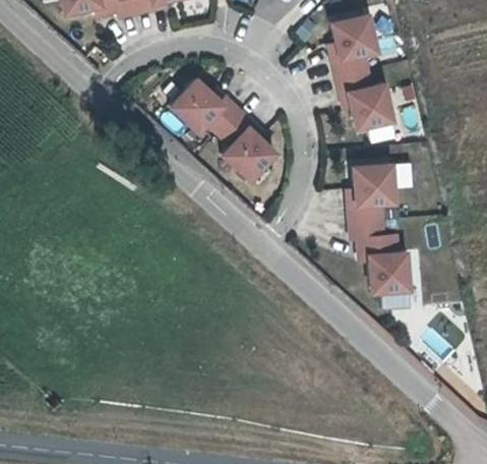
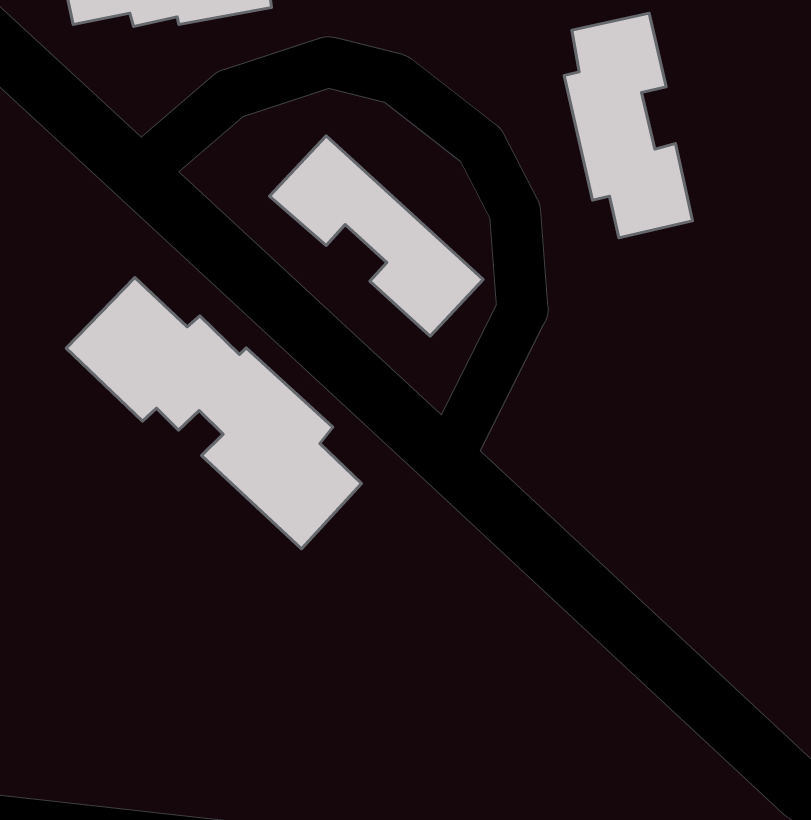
building: none -> [66,278,361,549]
building: [346,161,413,294] -> none

